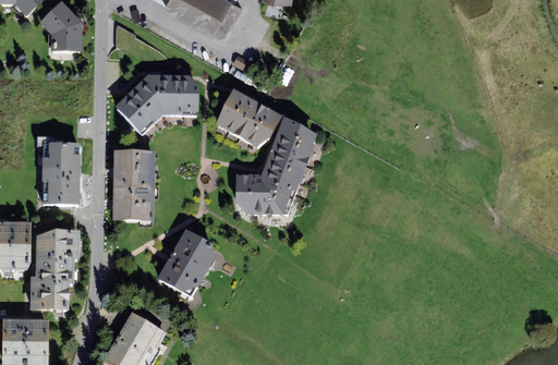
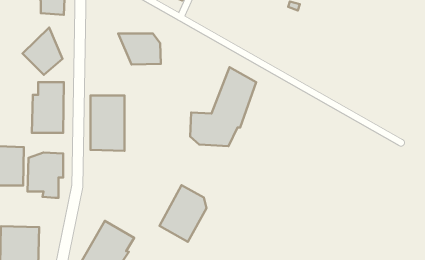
building: [114,78,163,136] -> [23,28,63,75]
building: [217,92,282,148] -> none
building: [158,224,216,294] -> [159,185,207,242]
building: [31,272,70,306] -> none

